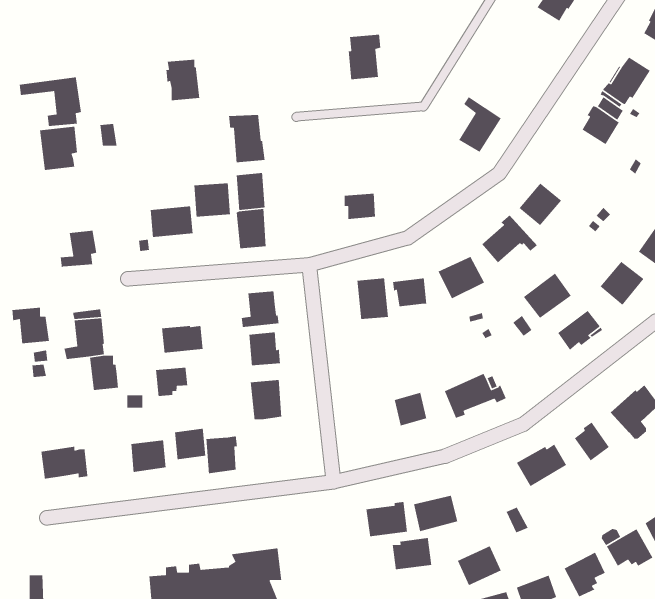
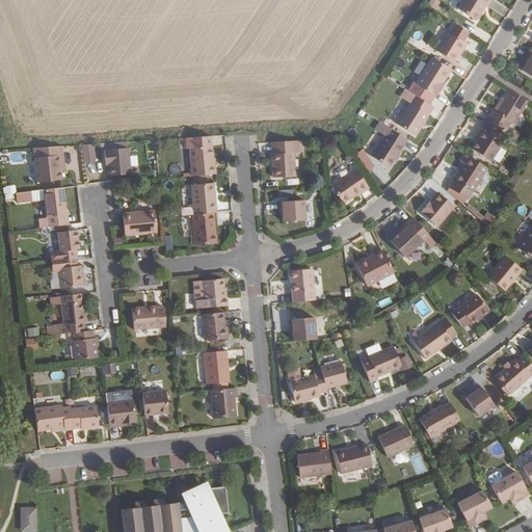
building: none -> [415,57,451,97]
building: [348,34,381,80] -> [270,140,297,178]
building: none -> [396,88,432,135]
building: [166,59,200,101] -> [103,141,131,176]
building: [19,77,82,127] -> [16,187,66,228]
building: none -> [448,154,486,200]
building: none -> [330,168,367,204]
building: [194,182,231,217] -> none
building: [523,273,572,319] -> [411,321,451,358]
building: [392,278,427,307] -> [288,317,316,341]
building: [11,307,50,344] -> [52,258,83,288]
building: [155,367,188,397] -> none
building: none -> [288,367,325,402]
building: [206,435,238,474] -> [210,388,236,419]
building: none -> [70,405,98,428]
building: [392,537,432,570] -> none
building: [457,545,502,586] -> [377,424,414,457]

